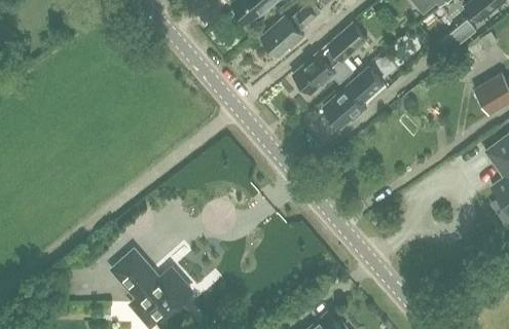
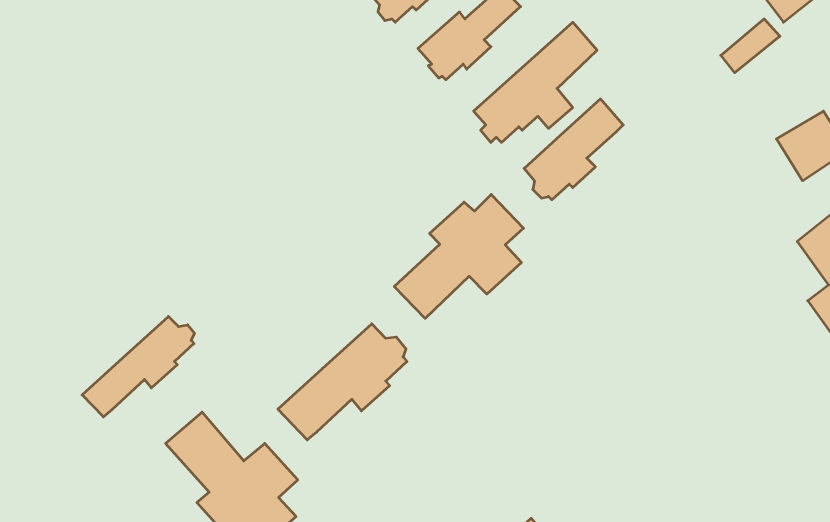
building: none -> [394,194,524,318]
building: none -> [82,316,194,417]
building: none -> [278,324,407,440]

